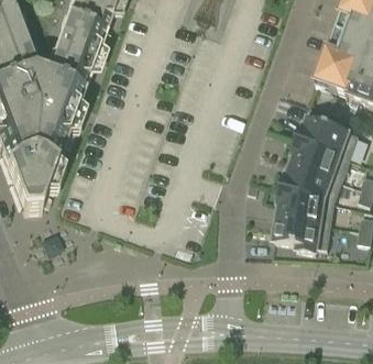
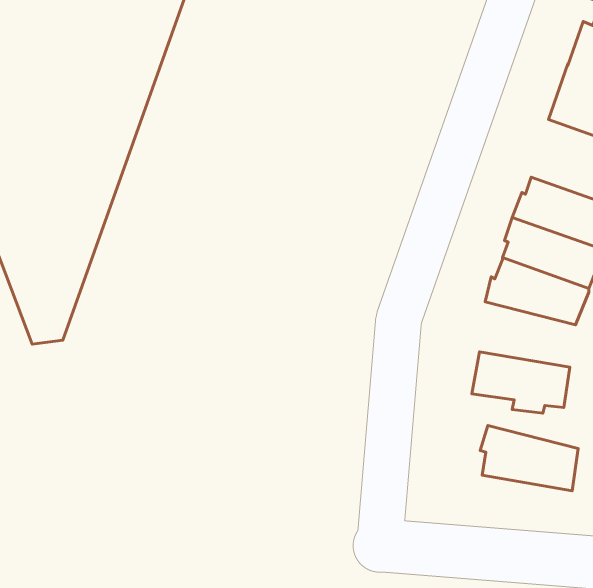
building: [277,187,333,224] -> [480,425,578,491]

